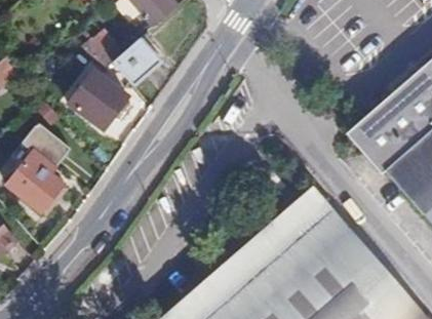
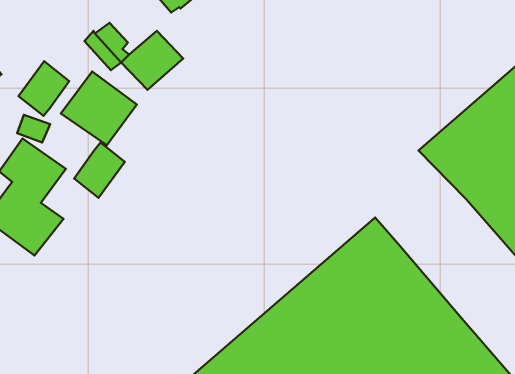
building: none -> [18,61,69,116]
building: none -> [74,143,125,198]

